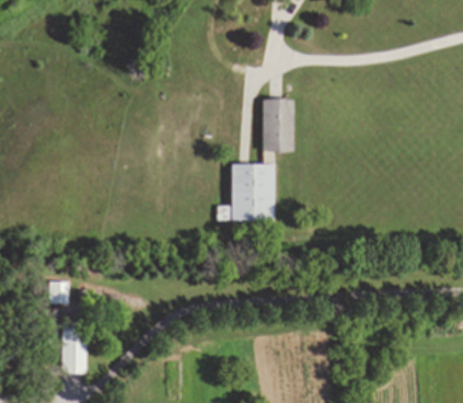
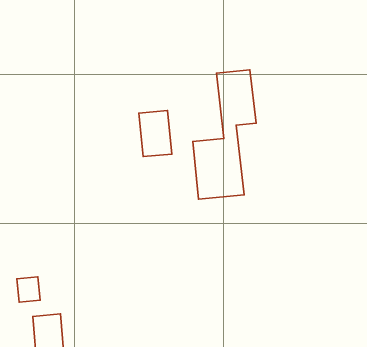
building: none -> [139,111,172,157]

